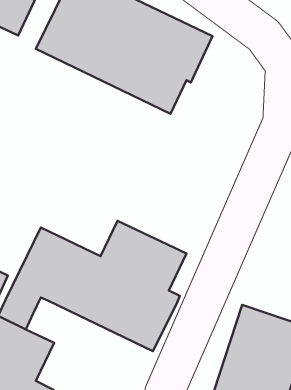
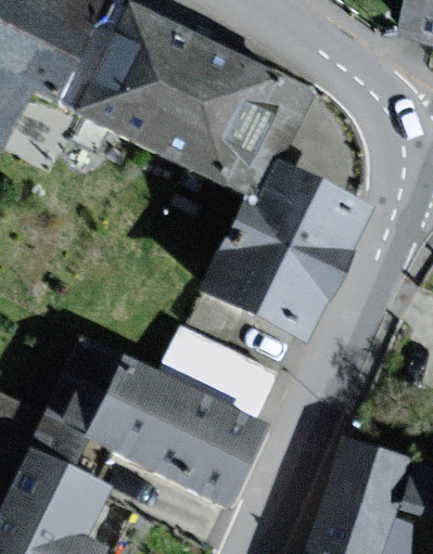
building: none -> [207,169,367,337]

